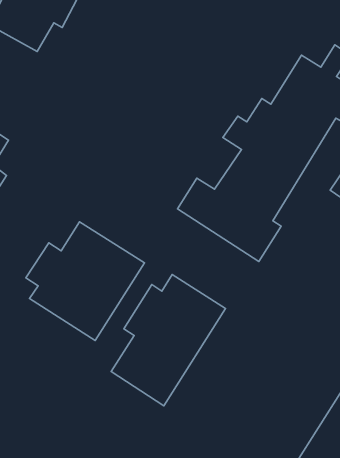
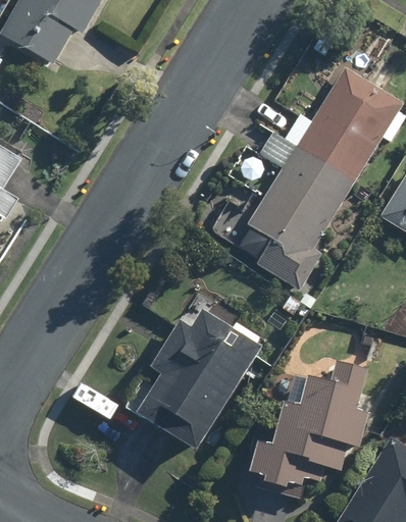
building: [26,222,145,340] -> none
building: none -> [248,361,368,491]

